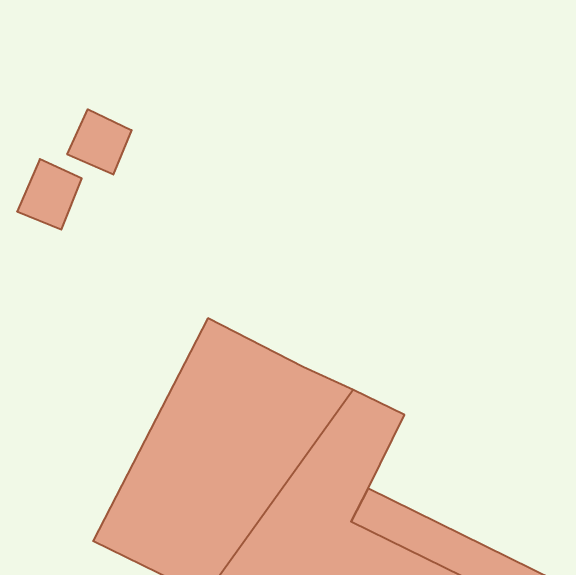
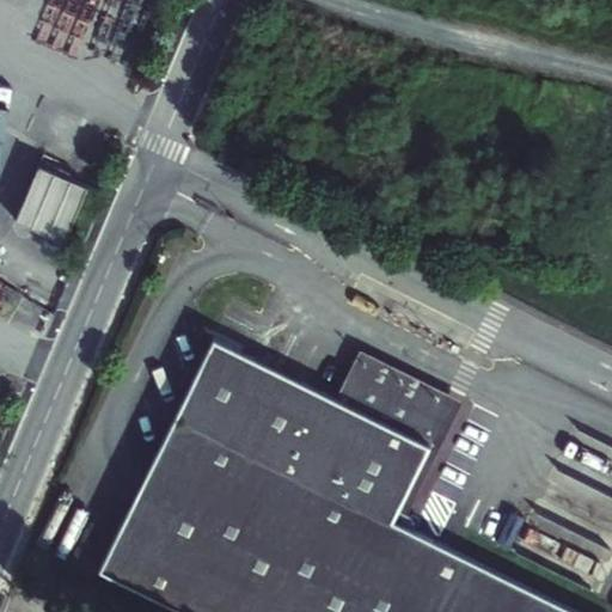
building: [67,109,132,175] -> none
building: none -> [319,357,441,442]

